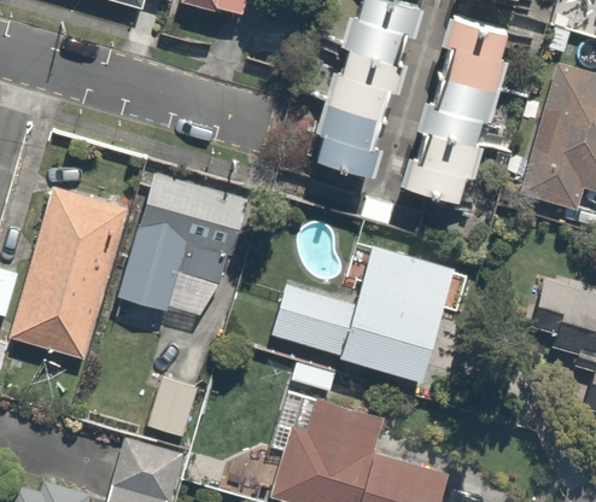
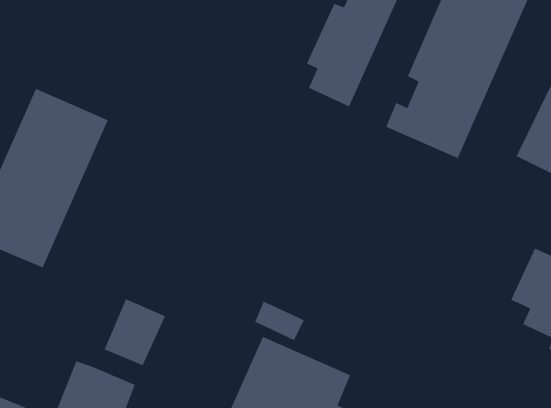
building: [116,169,247,315] -> none
building: [270,241,462,386] -> none

